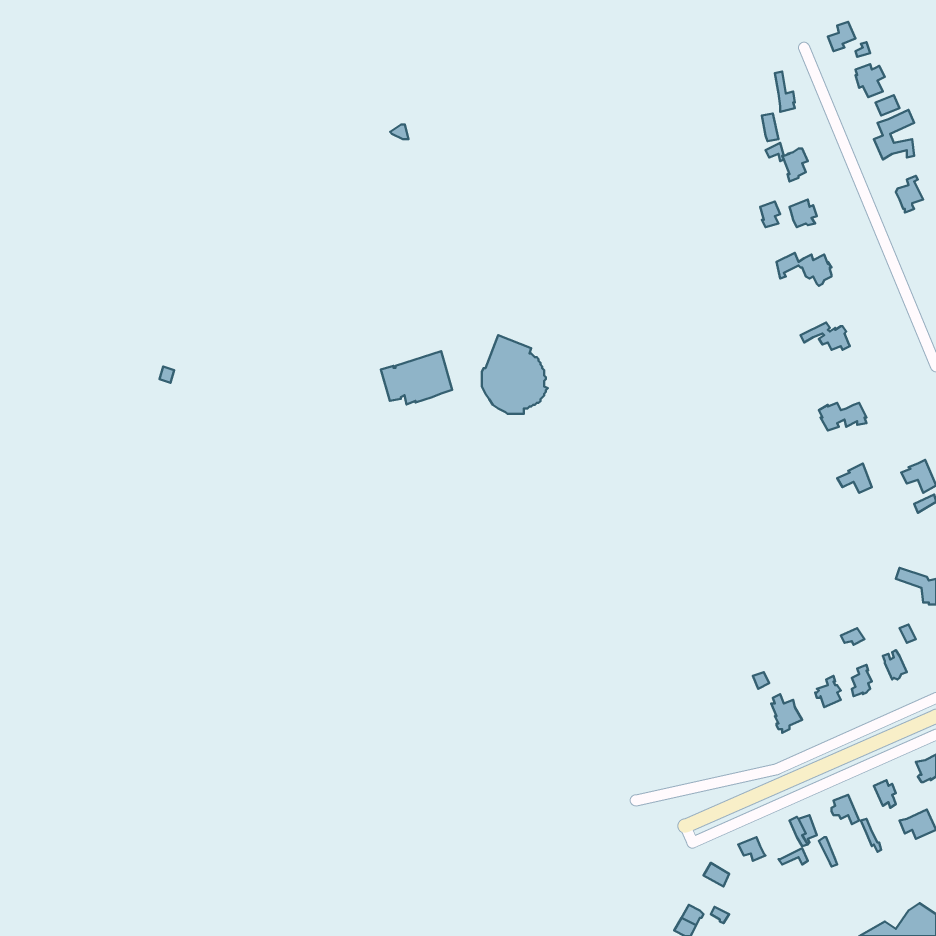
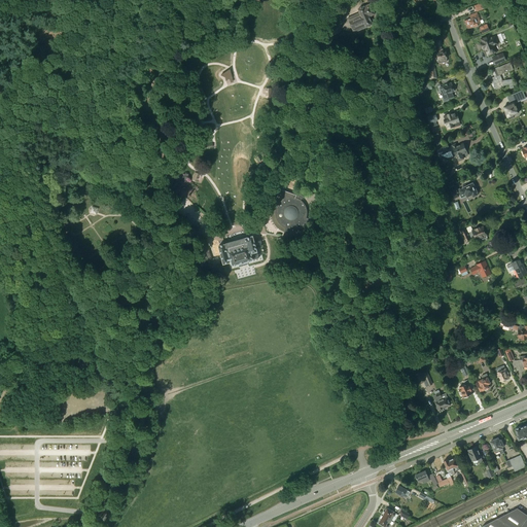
building: none -> [348,4,375,32]
building: [381,351,452,404] -> [218,236,258,266]

